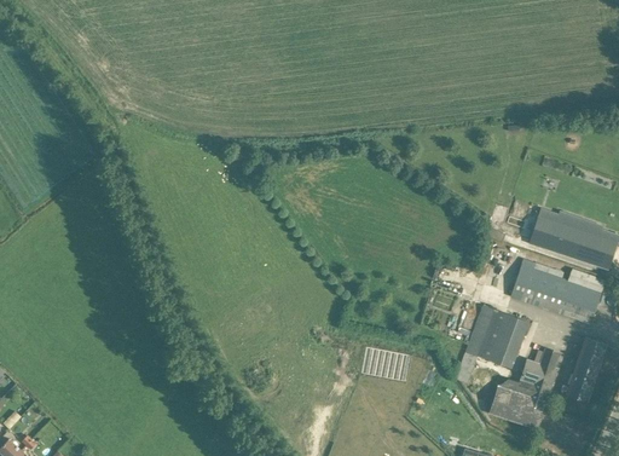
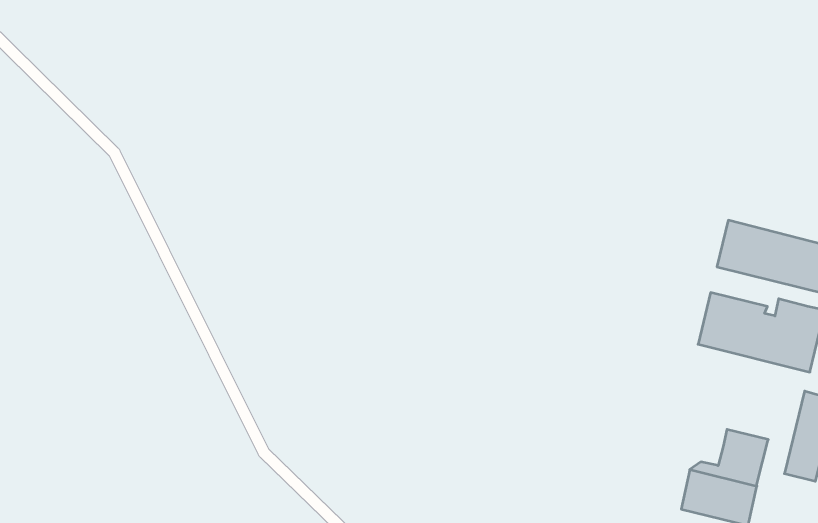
building: [456,305,528,382] -> none

